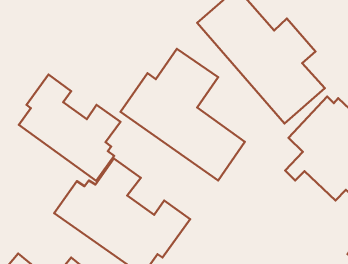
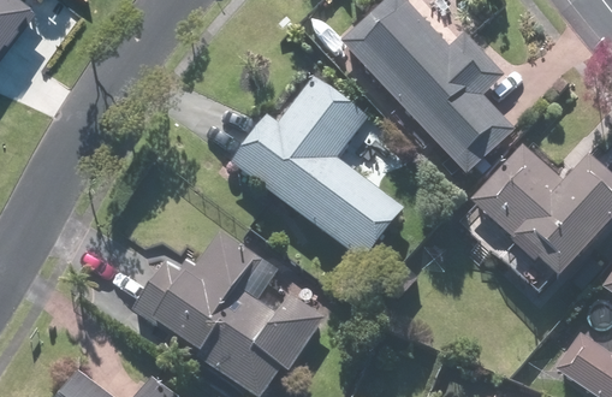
building: [19,75,120,181] -> none

